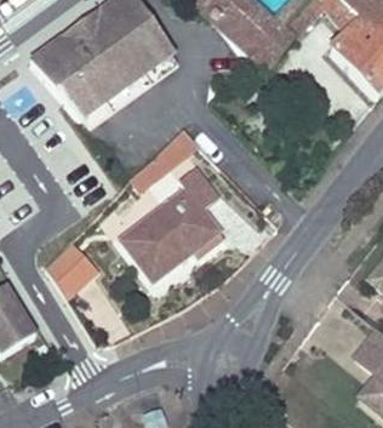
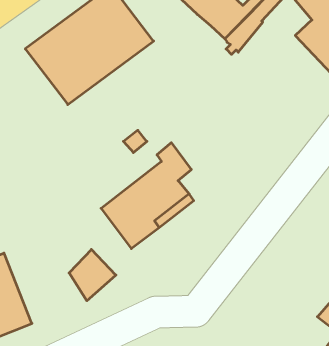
building: [46,240,97,296] -> [69,249,116,301]

